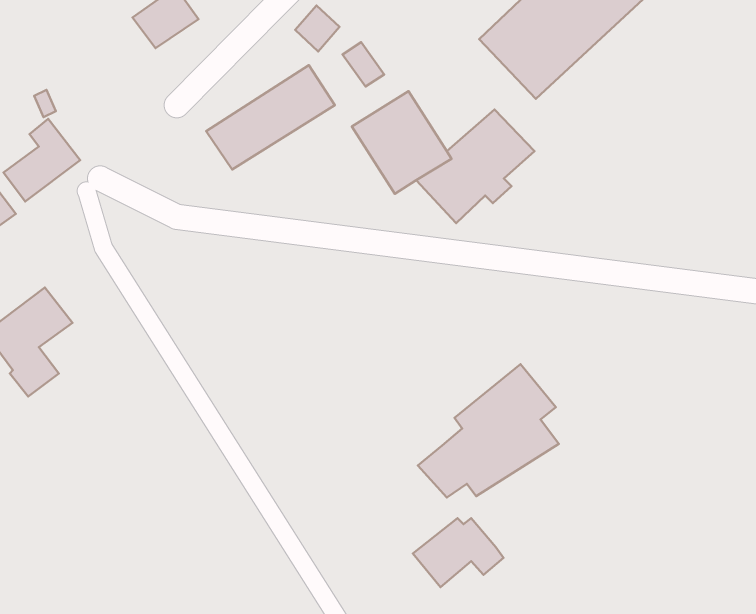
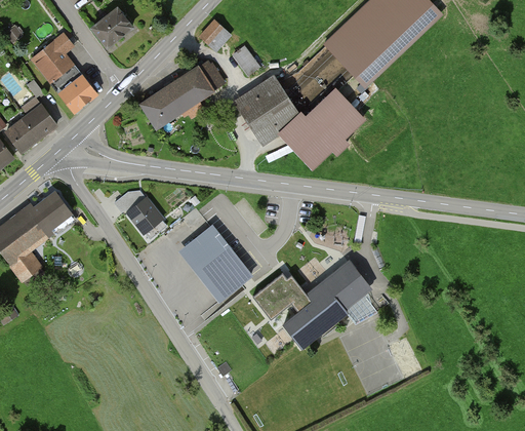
building: none -> [32,34,97,111]
building: none -> [112,184,159,232]
building: none -> [33,190,75,232]
building: none -> [175,225,250,303]
building: [413,518,503,587] -> [251,276,312,322]

